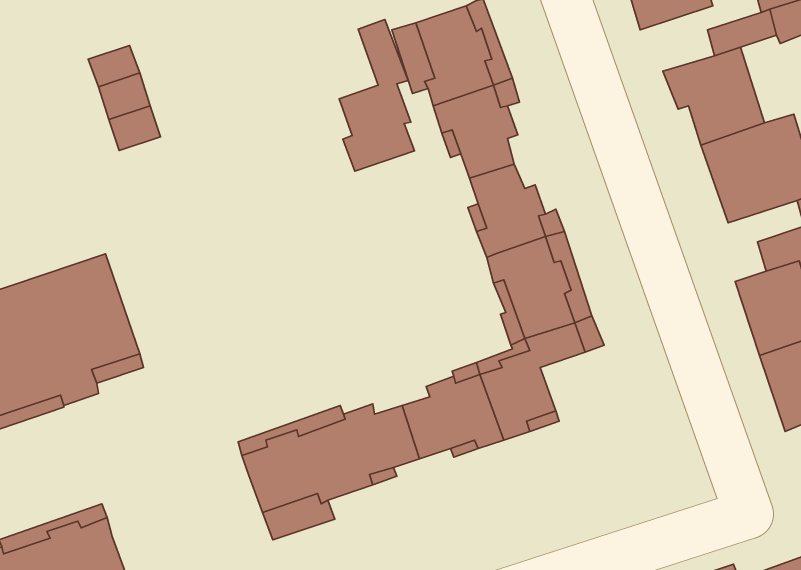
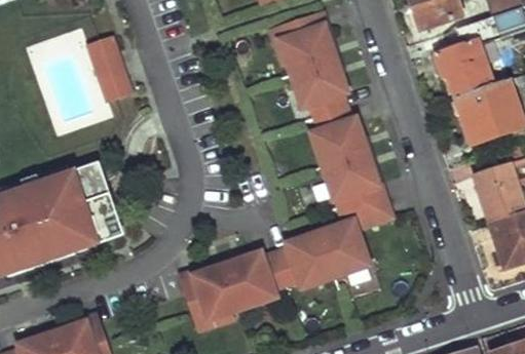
building: [339,20,415,171] -> none

